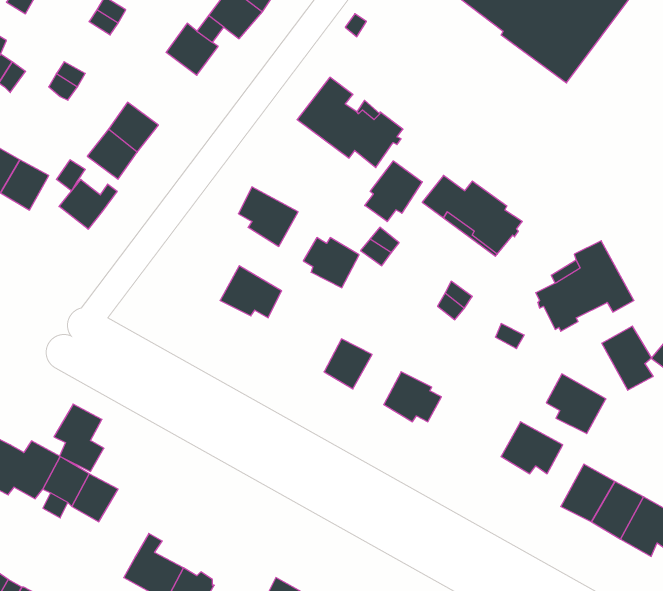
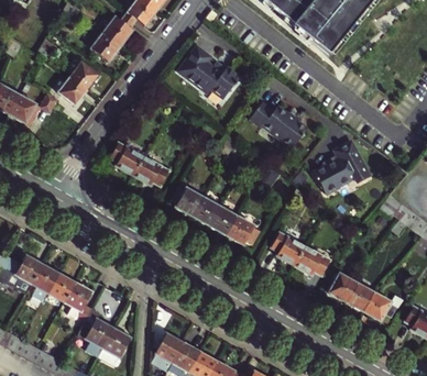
building: none -> [91,33,121,62]
building: [365,161,422,222] -> none
building: [59,179,117,229] -> none
building: [238,187,298,246] -> [111,141,145,175]
building: [303,238,359,288] -> [172,187,204,215]
building: [602,326,653,390] -> none
building: none -> [210,206,238,234]
building: [546,374,606,434] -> [272,230,306,264]
building: [54,404,104,471] -> [65,283,94,321]

